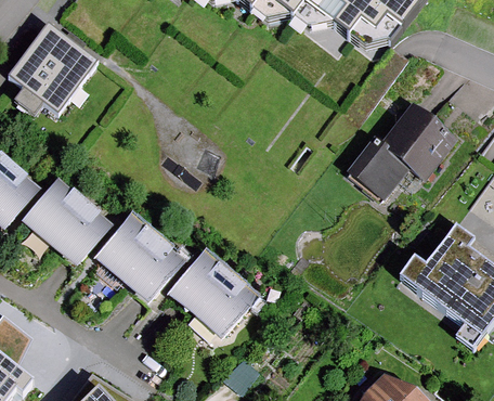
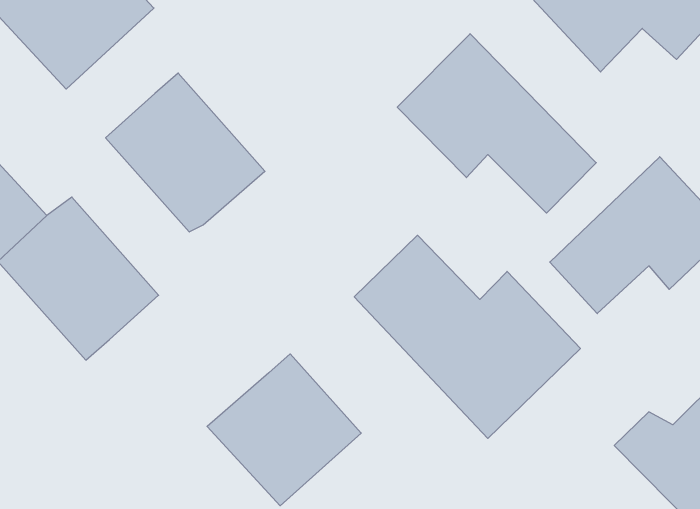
building: none -> [397,34,596,213]
building: none -> [354,235,580,438]
building: [101,217,197,309] -> [106,73,265,232]

